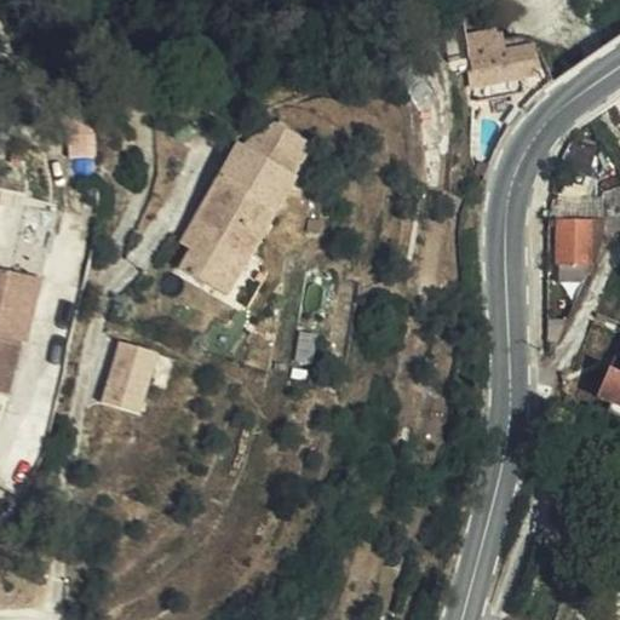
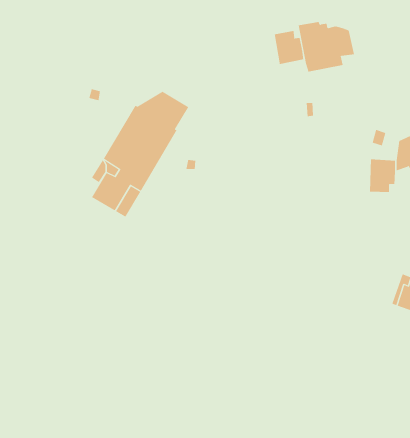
building: none -> [274,30,304,65]
building: [101,333,157,406] -> none

